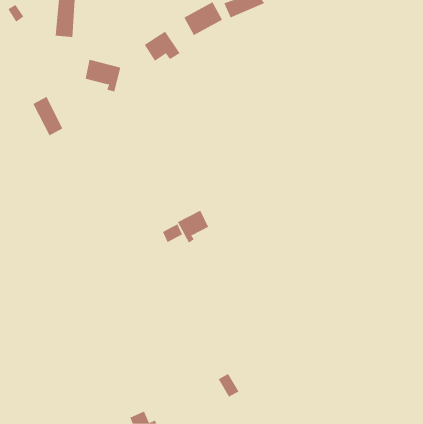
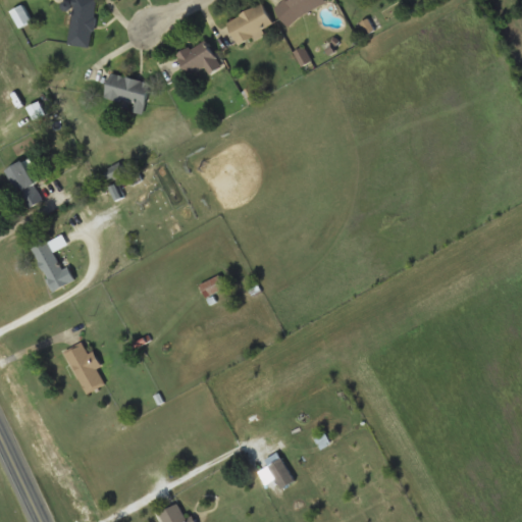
building: [33,96,63,136] -> [5,160,43,209]
building: none -> [32,241,73,291]
building: [177,210,209,243] -> none
building: none -> [63,344,105,393]

